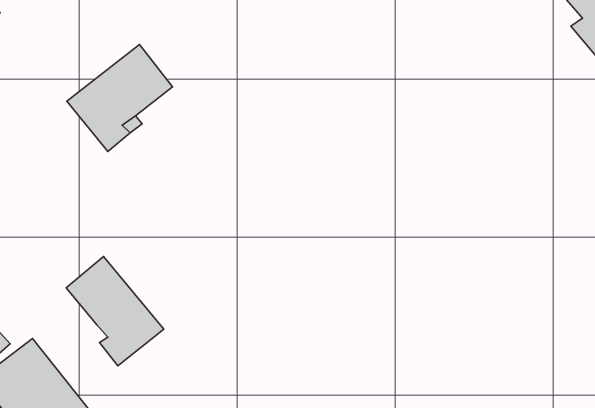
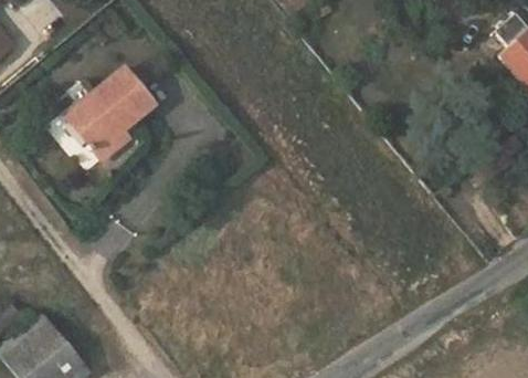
building: [66,257,164,366] -> none

